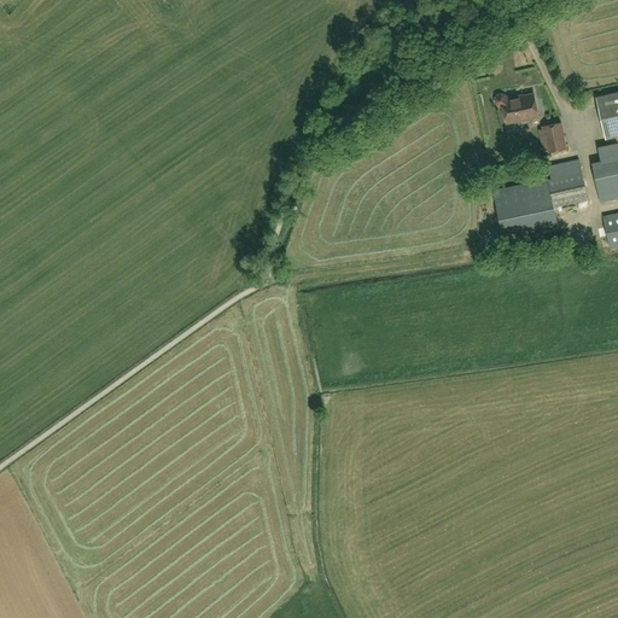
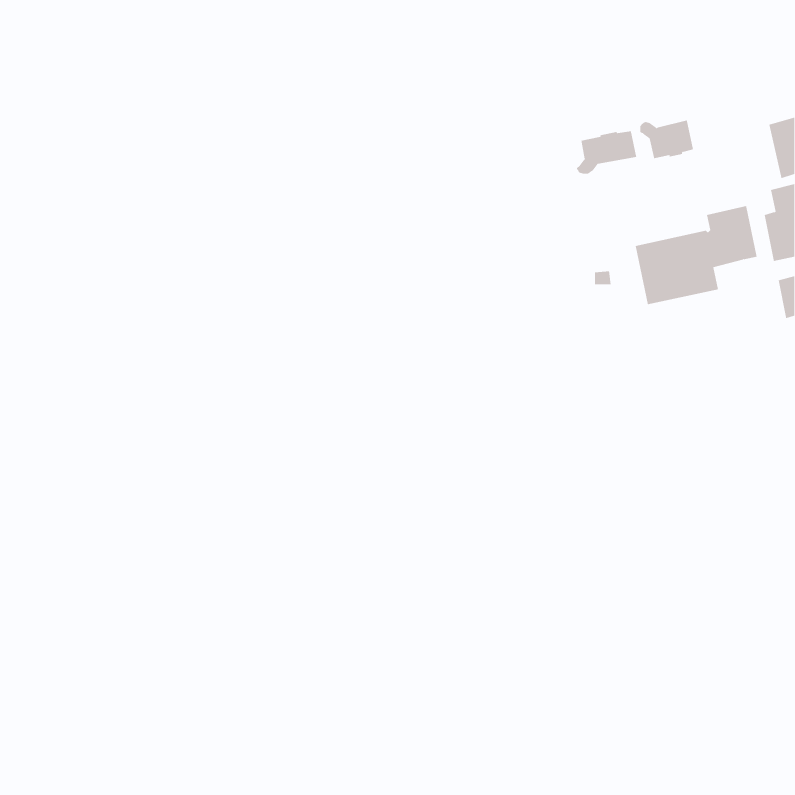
building: none -> [576,130,637,174]
building: [540,122,566,152] -> none

